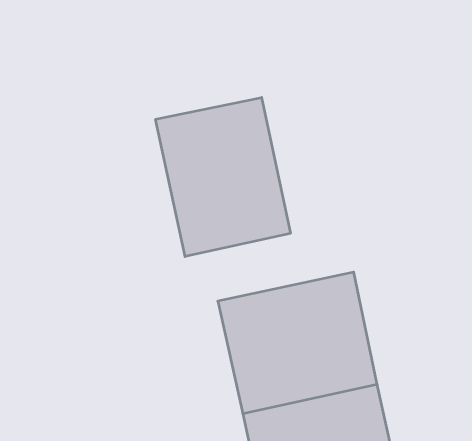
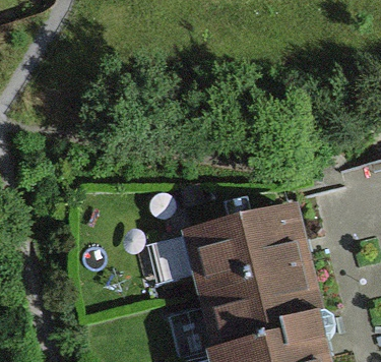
building: [156,97,290,257] -> none

